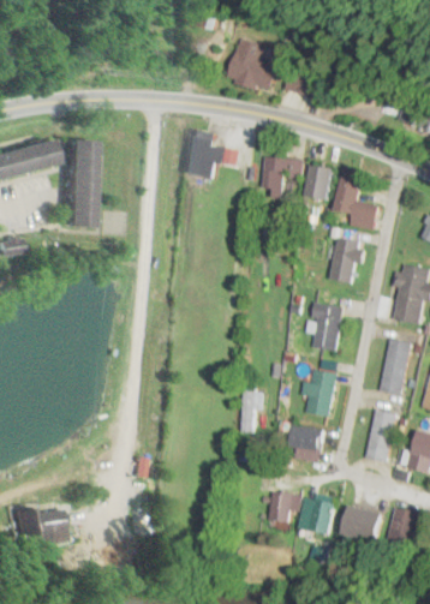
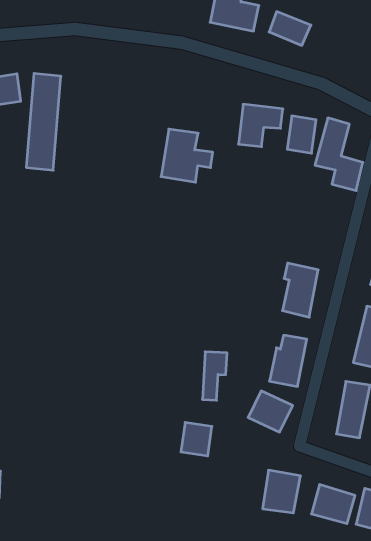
building: [181,130,228,178] -> [161,129,213,182]
building: [327,238,364,285] -> none
building: [270,492,298,522] -> [181,422,212,456]

